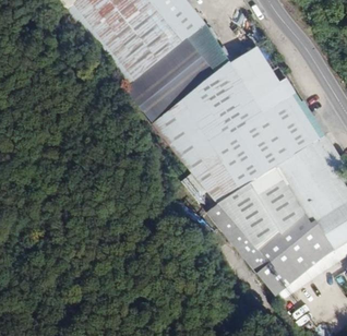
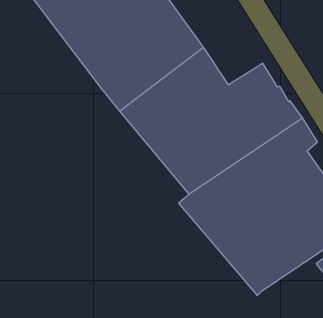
building: [225,38,275,92] -> none

